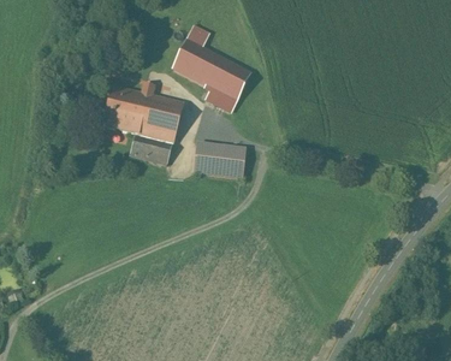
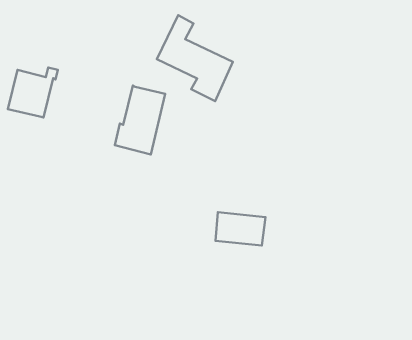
building: [102,85,153,136] -> [8,68,58,118]
building: [194,144,244,178] -> [215,212,265,246]

